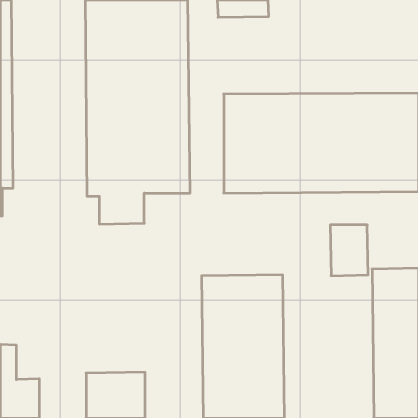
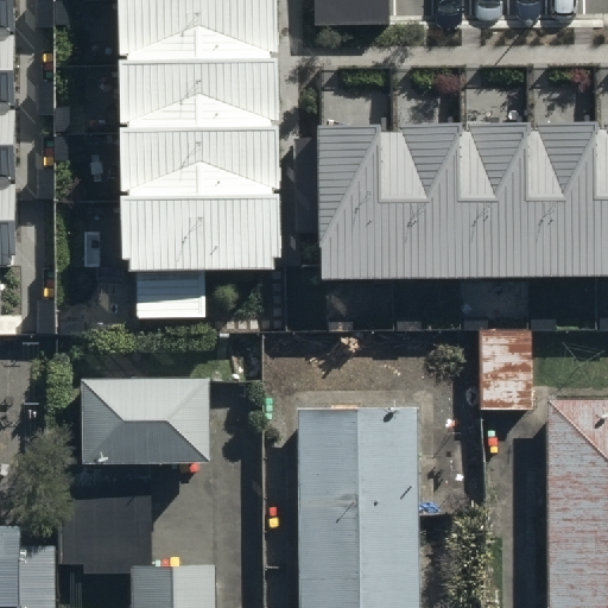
building: none -> [78,353,205,438]

